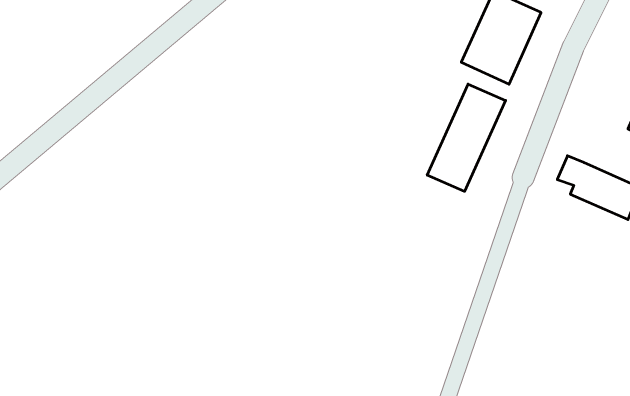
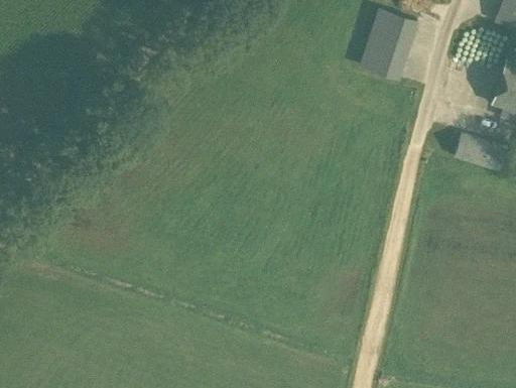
building: [427,84,506,191] -> none

